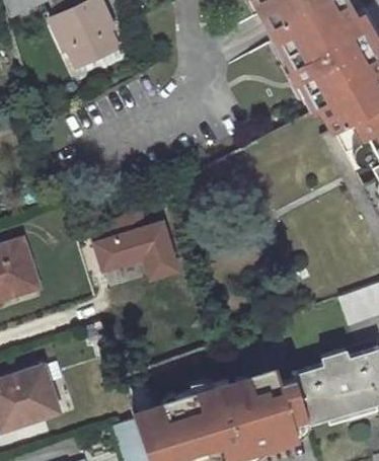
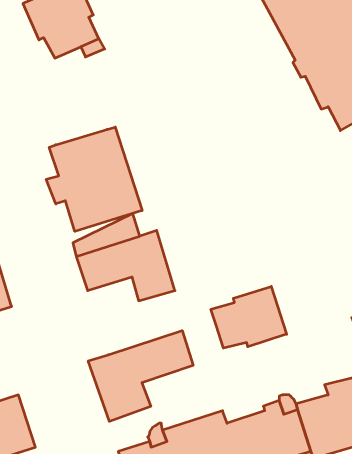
building: none -> [46,127,142,231]
building: none -> [211,286,287,348]
building: none -> [88,331,193,421]

